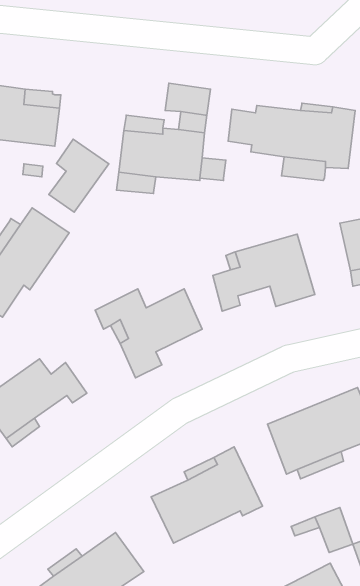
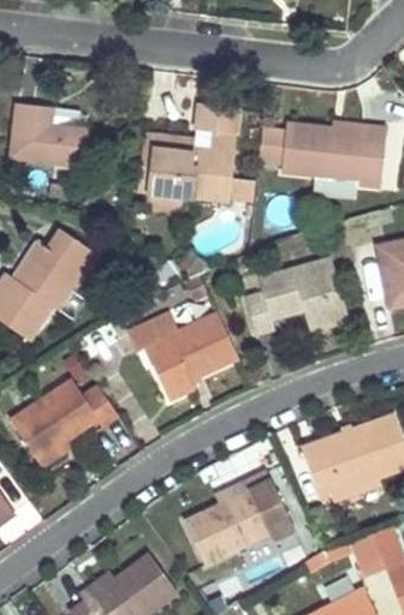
building: [49,139,109,212] -> none

